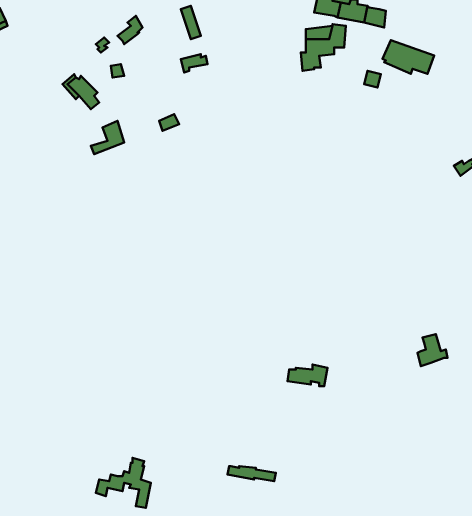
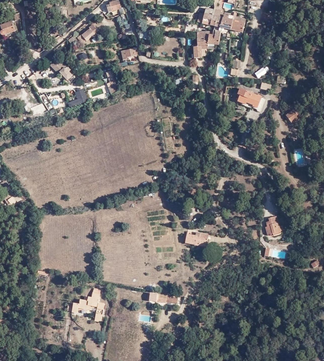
building: [383,40,434,74] -> [234,89,265,109]

